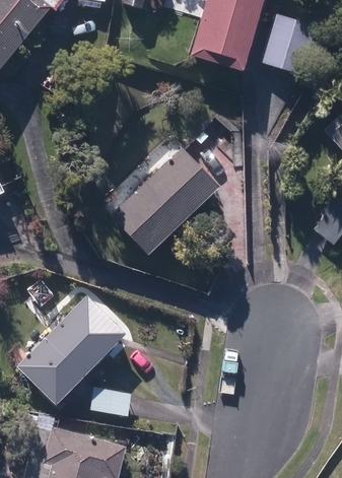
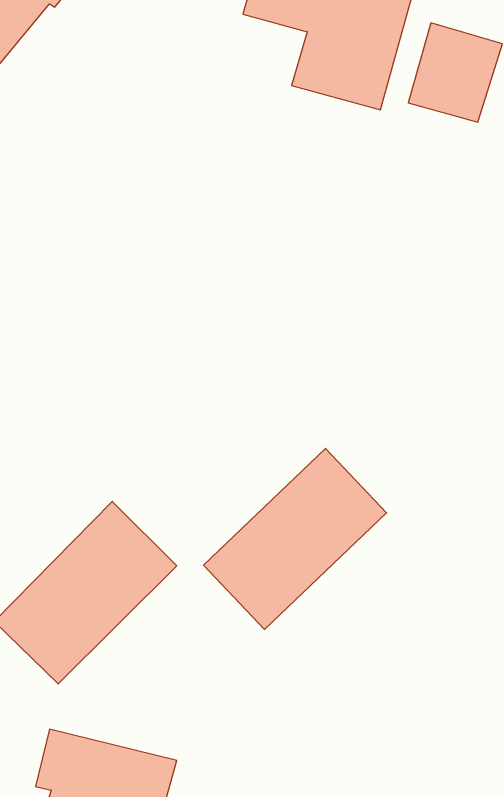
building: [113,147,219,253] -> [204,448,387,629]

